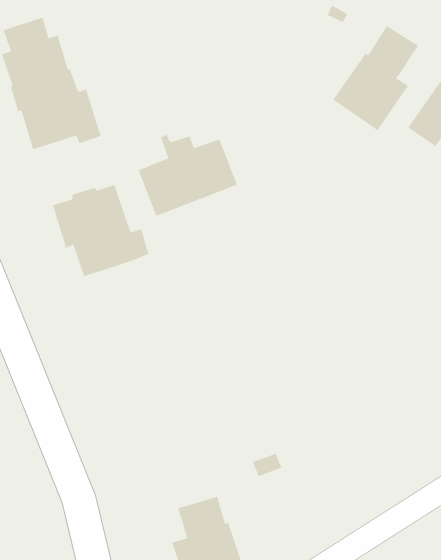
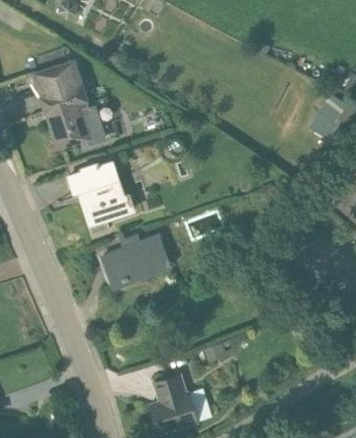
building: [332,25,419,131] -> none
building: [138,134,238,216] -> [102,234,170,289]

